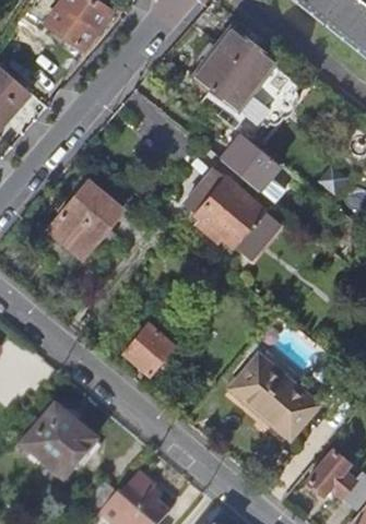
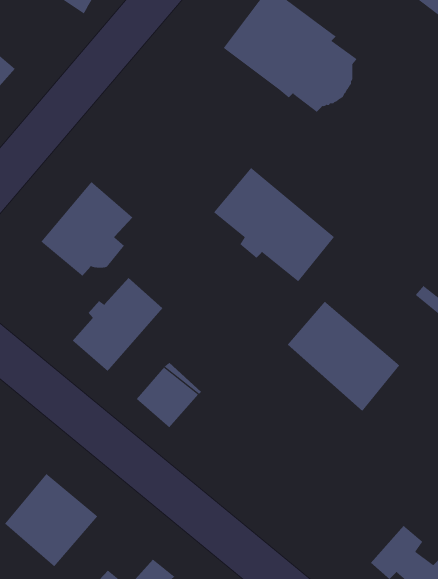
building: [221,128,296,198] -> none
building: none -> [72,277,163,372]
building: [227,356,316,442] -> [287,301,400,412]

